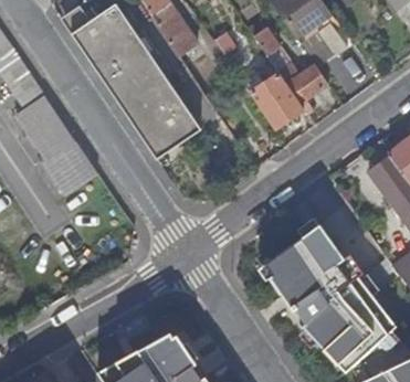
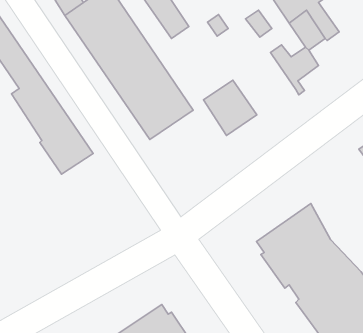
building: [250,72,304,128] -> [204,80,257,136]

